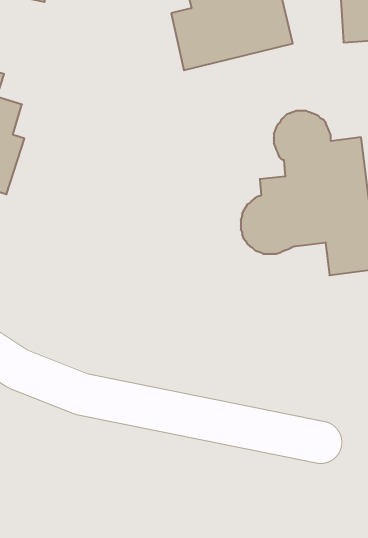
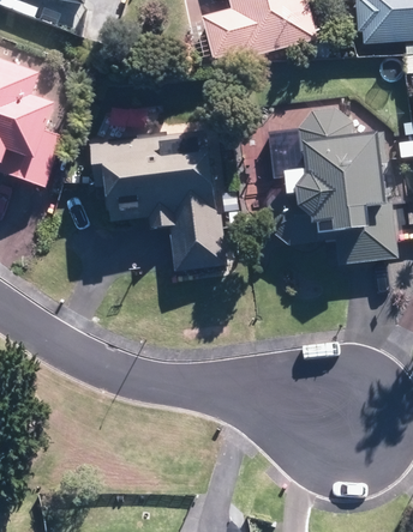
building: none -> [92,120,223,265]

